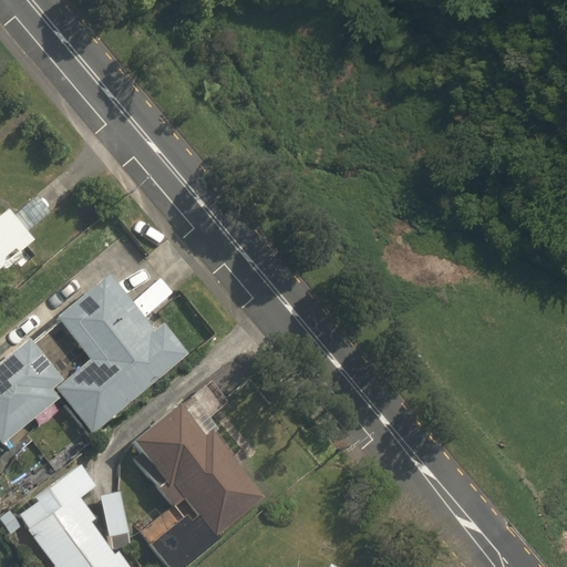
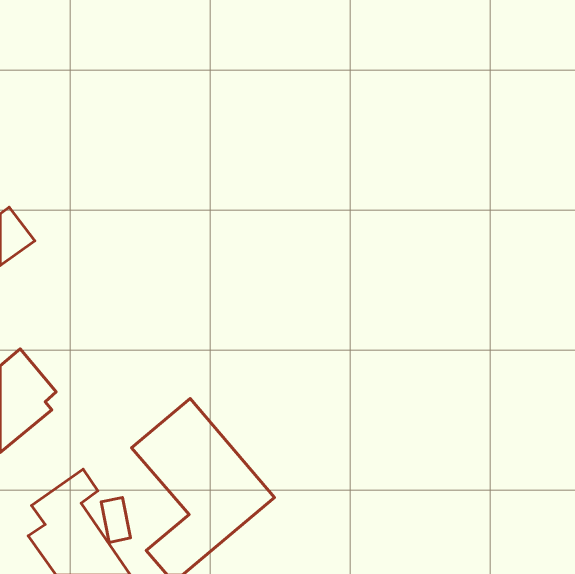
building: [51,282,183,437] -> none

